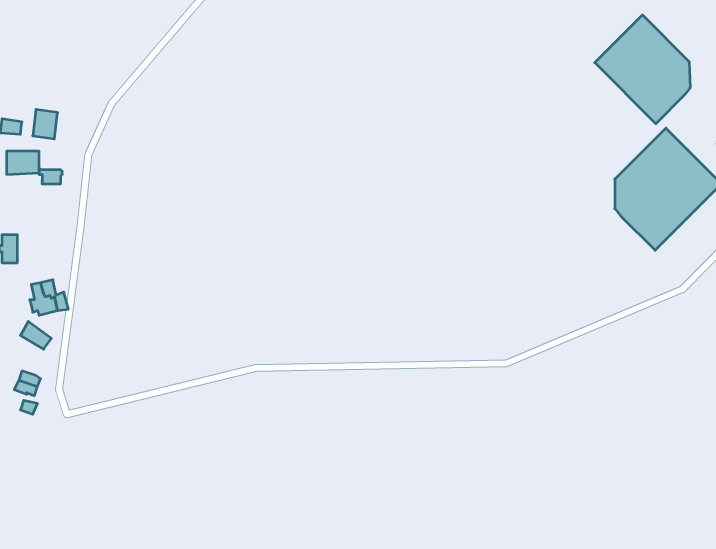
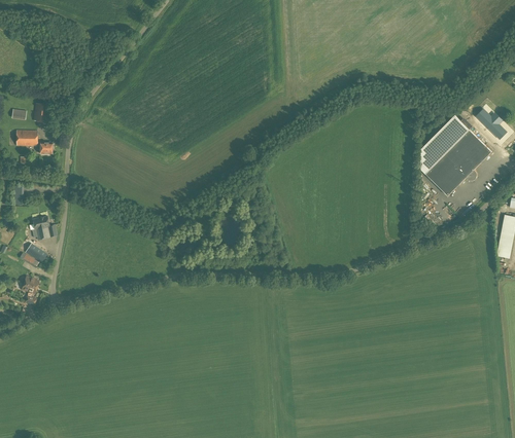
building: [595,15,690,124] -> none

